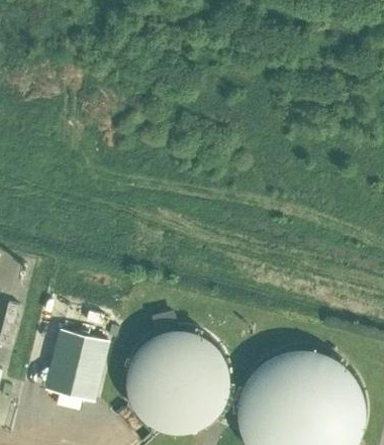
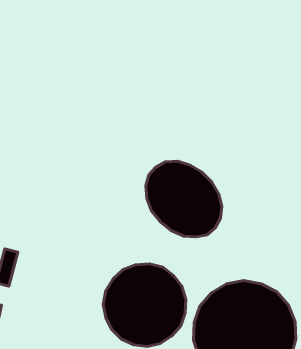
building: none -> [146,161,222,237]
building: [42,338,107,419] -> none

